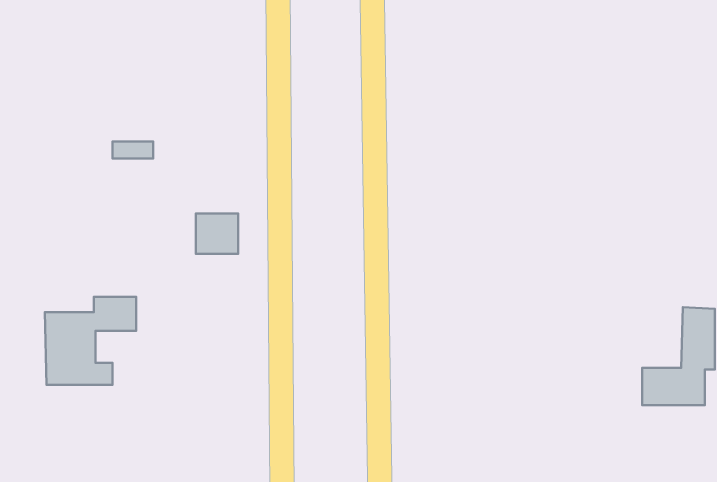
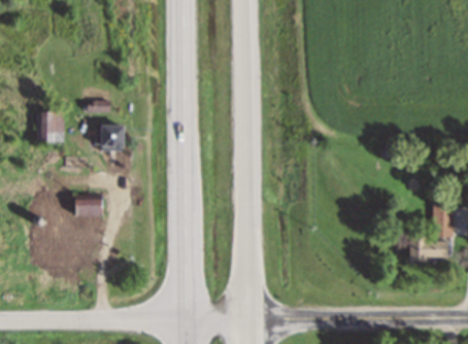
building: none -> [44,109,65,144]
building: [196,213,238,254] -> [97,127,123,151]

